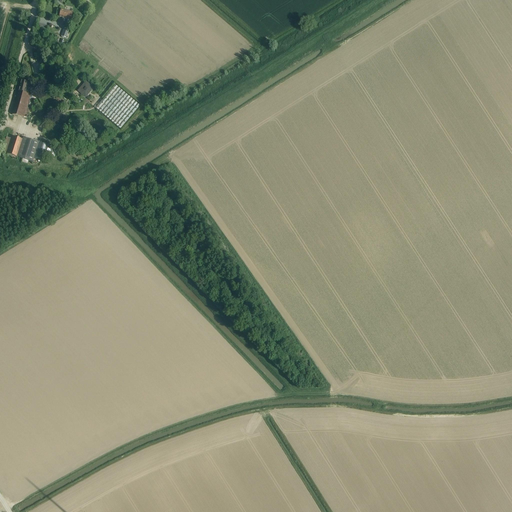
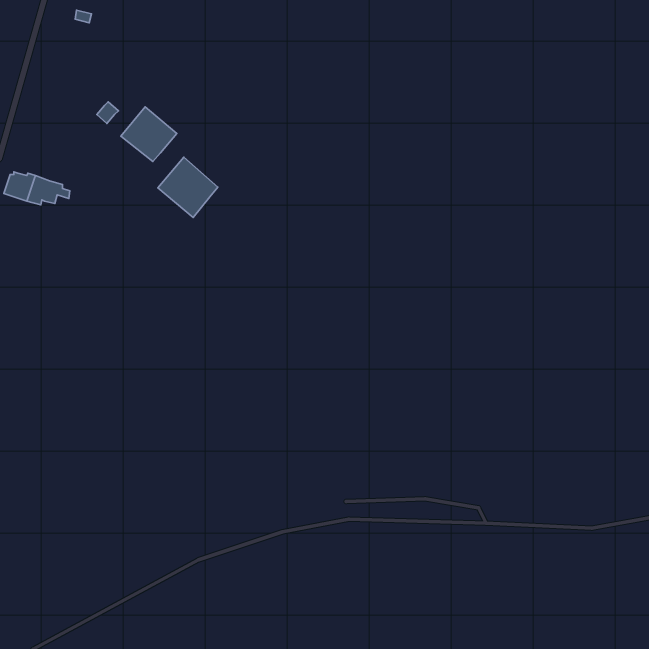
building: [11,79,36,117] -> none
building: none -> [158,157,218,217]

